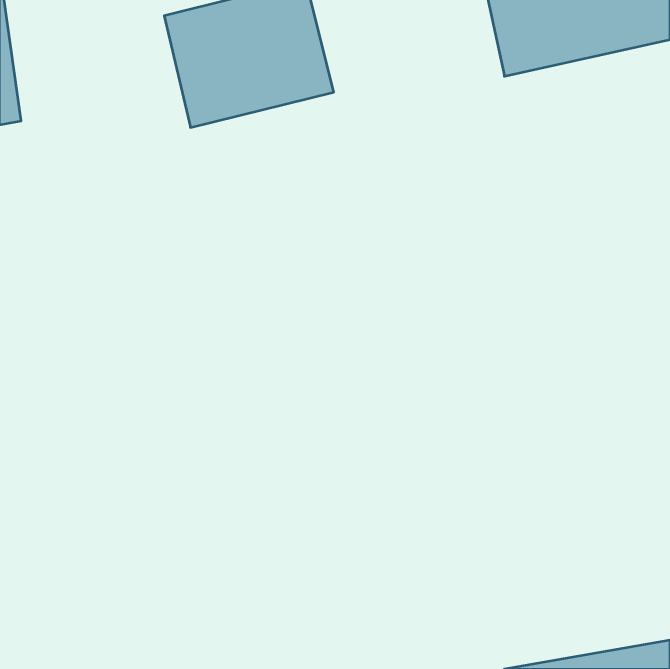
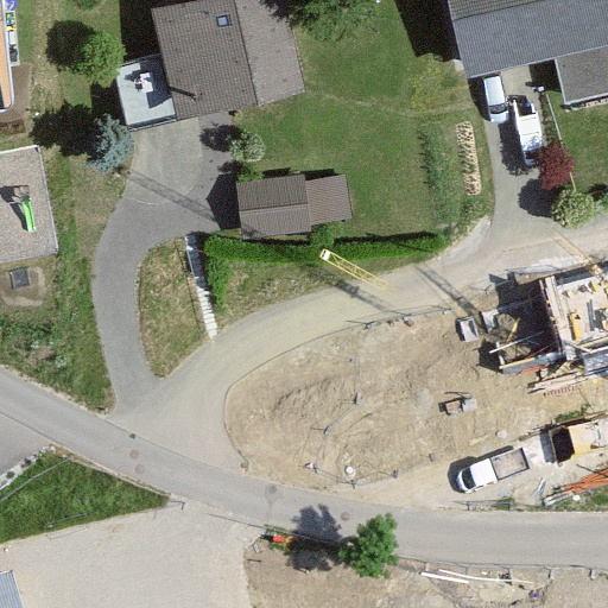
building: none -> [246,175,359,242]

